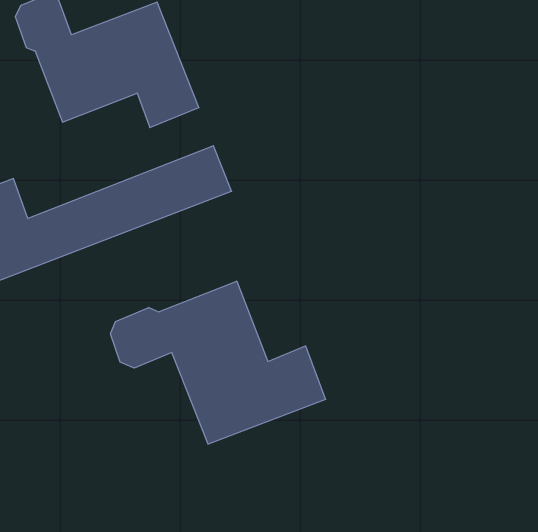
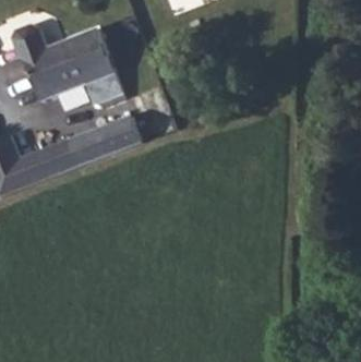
building: [110,281,325,444] -> none

